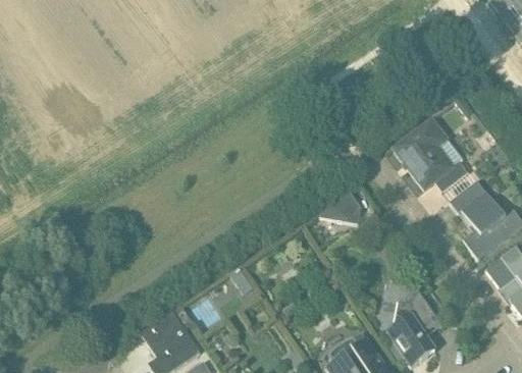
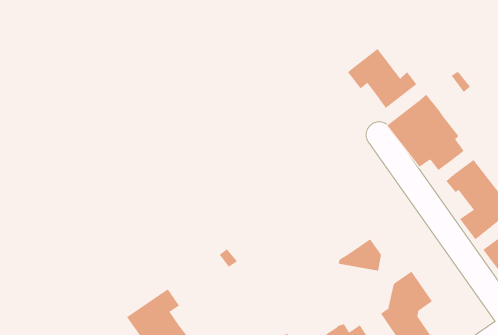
building: none -> [347,48,417,109]
building: [318,192,361,223] -> [338,239,382,271]

